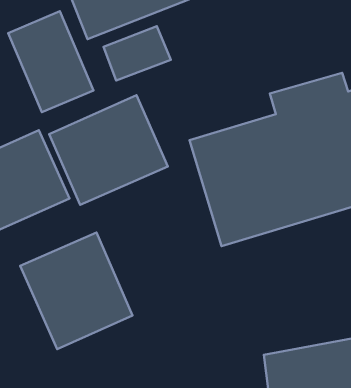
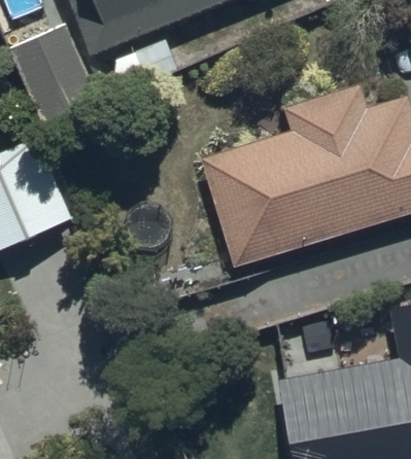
building: [49,95,168,205] -> none
building: [20,233,132,349] -> none

